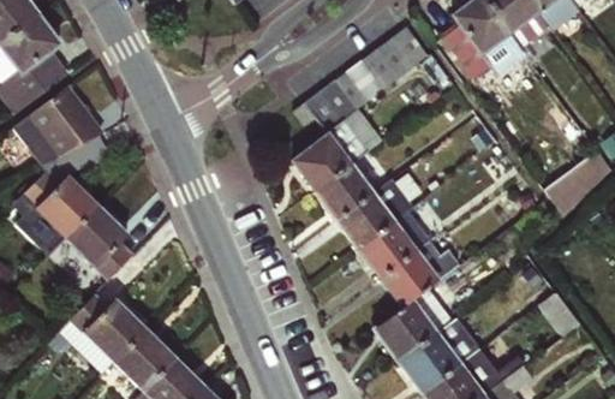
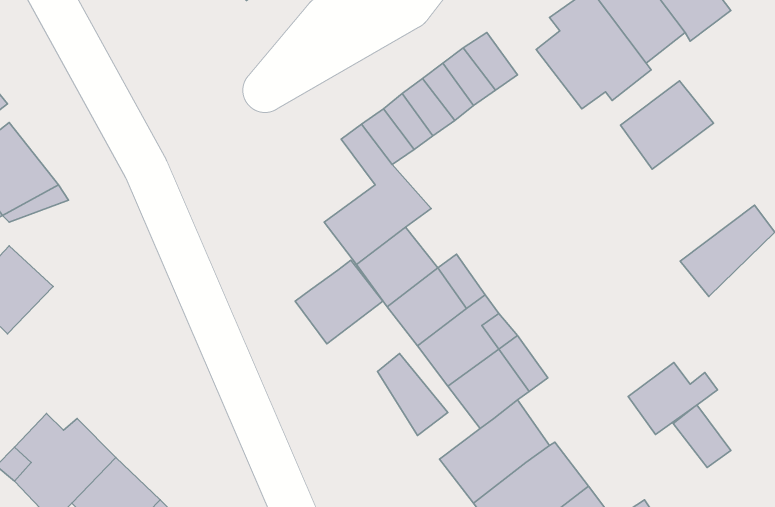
building: none -> [621,81,714,169]
building: none -> [295,260,383,344]
building: [66,206,133,280] -> none
building: none -> [377,354,448,436]
building: none -> [628,363,718,435]

